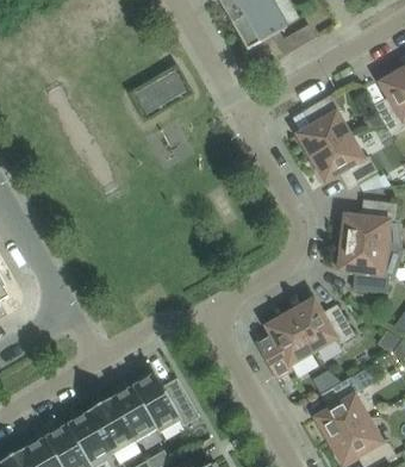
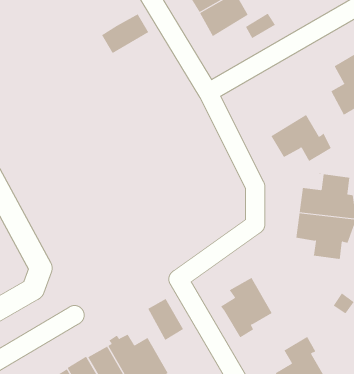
building: [133,70,186,114] -> [101,13,149,54]
building: [297,93,349,158] -> none
building: [289,298,354,351] -> none
building: none -> [148,298,184,341]

